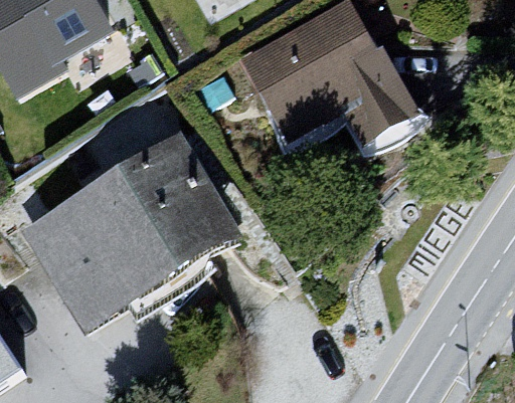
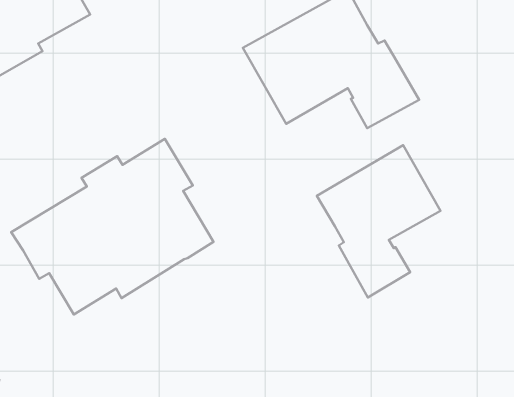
building: none -> [317,145,441,298]

